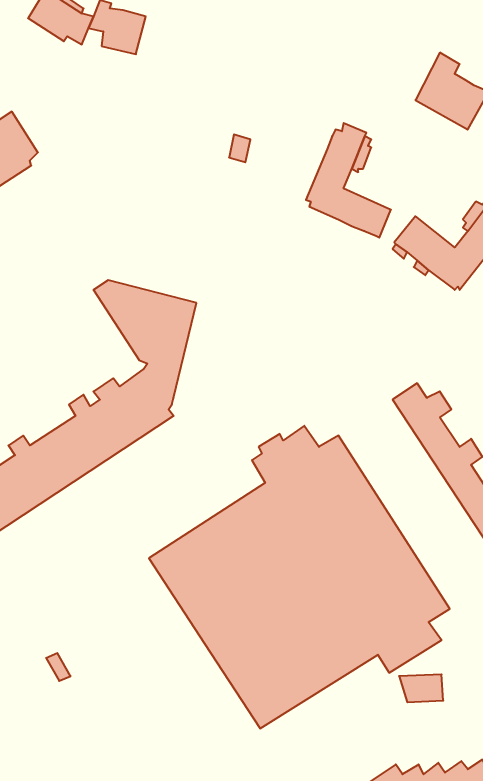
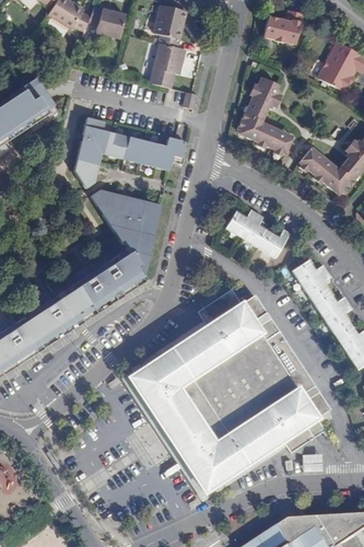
building: none -> [154,8,186,38]
building: none -> [265,10,303,43]
building: none -> [151,43,187,88]
building: none -> [74,117,185,187]
building: none -> [225,208,290,257]

